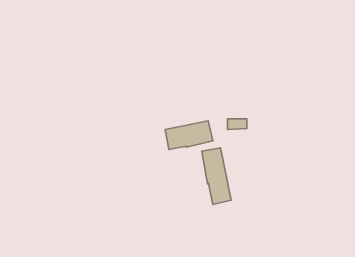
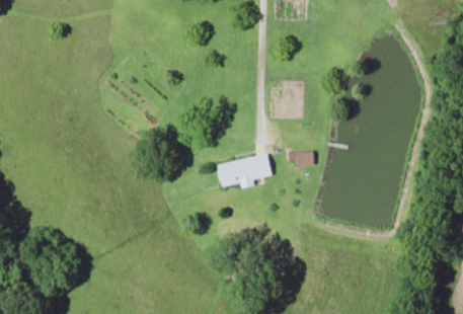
building: [202,148,231,205] -> none

